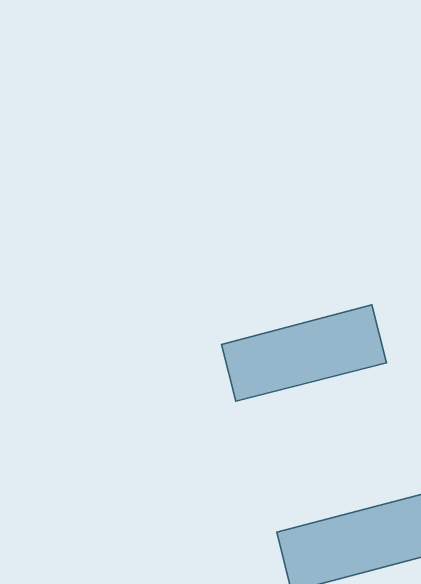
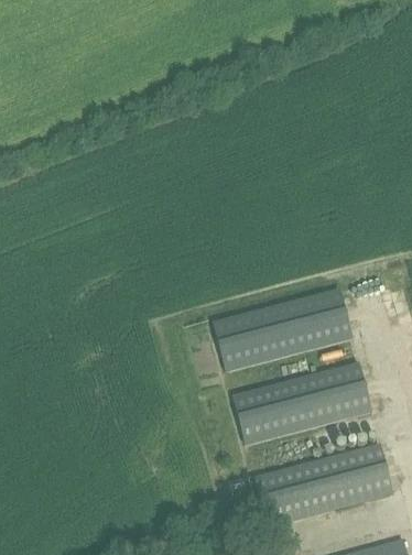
building: none -> [234,362,371,444]

